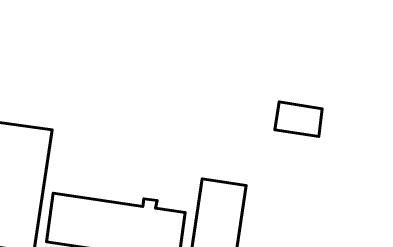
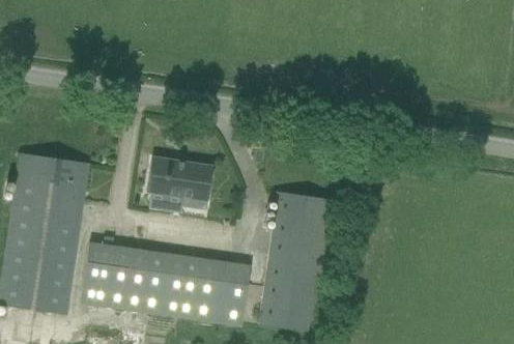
building: [275,102,322,137] -> [273,191,331,233]
building: none -> [147,157,213,208]

